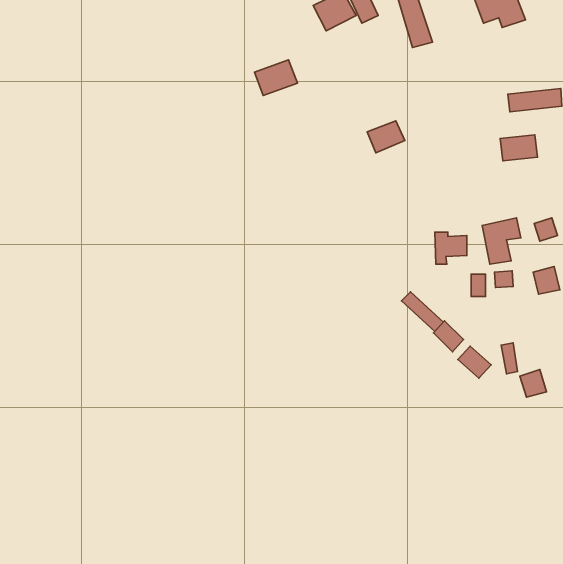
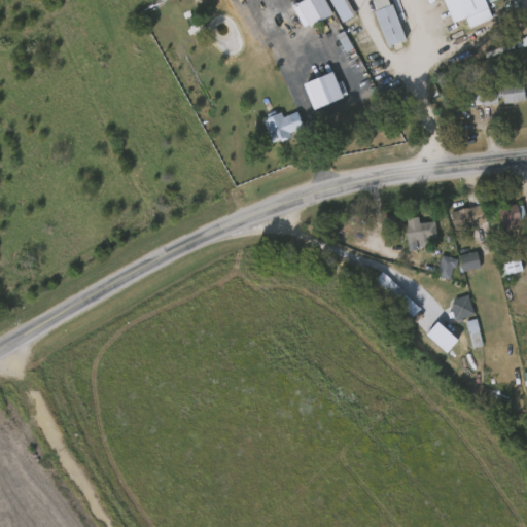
building: [254,60,297,95] -> [265,107,305,140]
building: [367,121,405,153] -> [307,77,342,107]
building: [500,135,537,161] -> none
building: [520,370,546,397] -> [452,294,477,320]

